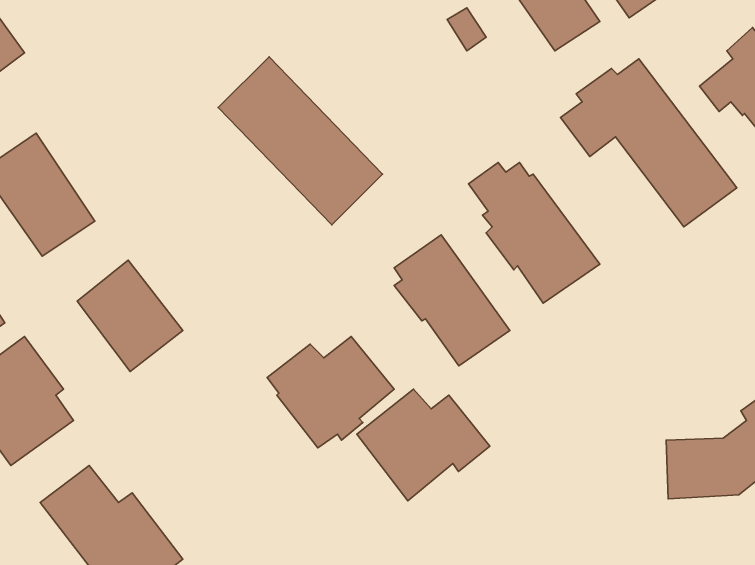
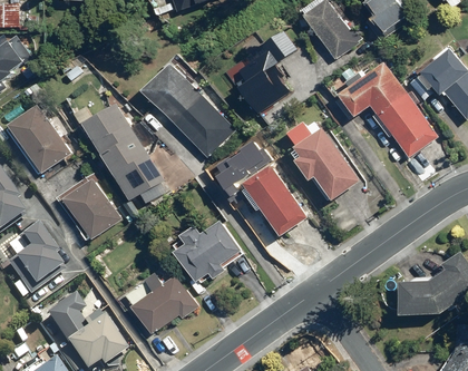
building: none -> [237,50,290,113]
building: none -> [71,101,168,204]
building: [357,389,490,501] -> [123,273,198,336]

